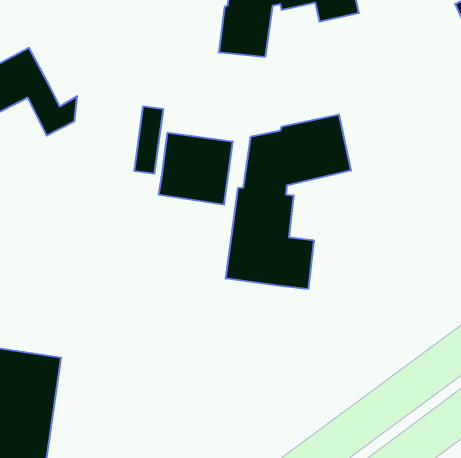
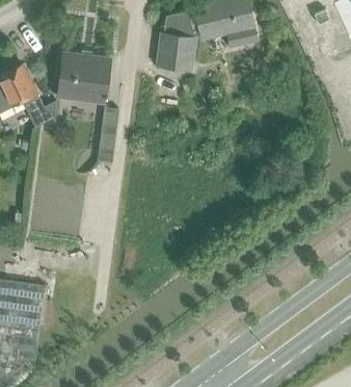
building: [226,114,351,289] -> none
building: [159,133,233,205] -> [57,52,110,103]

